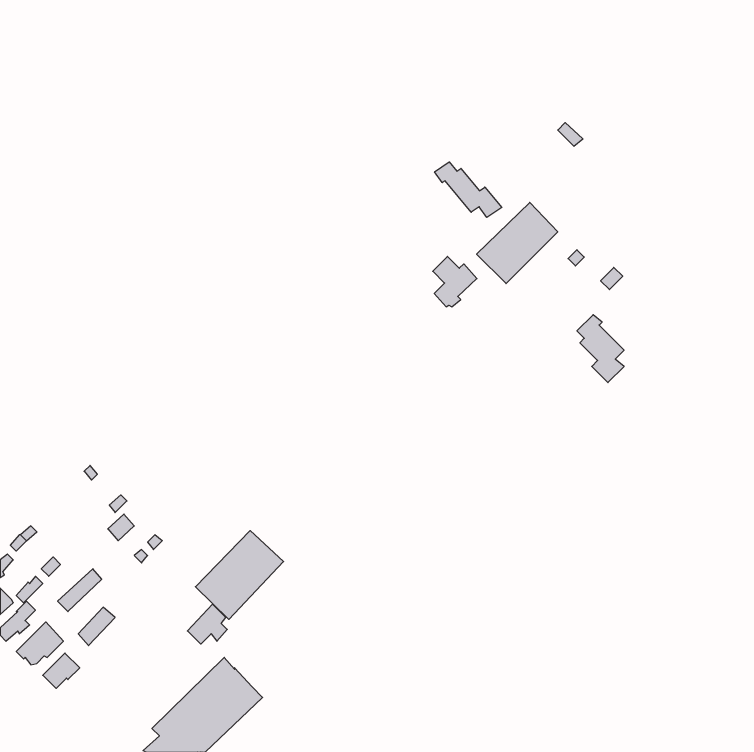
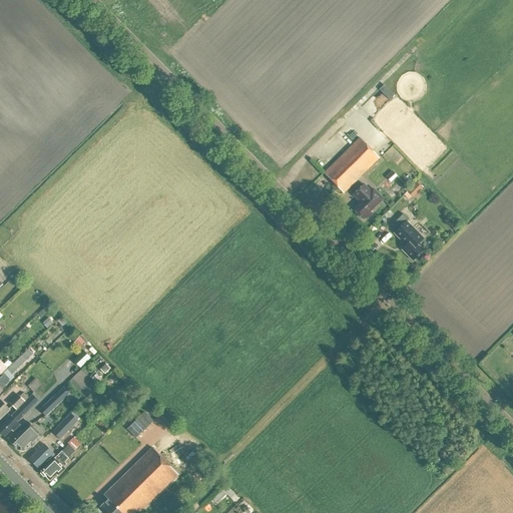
building: [435,162,502,217] -> none
building: [433,256,477,307] -> [353,183,383,217]
building: [195,531,284,619] -> none
building: none -> [41,443,75,479]

